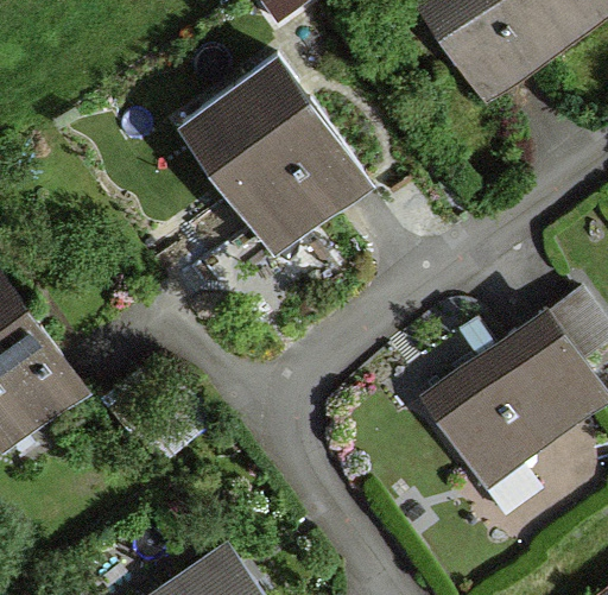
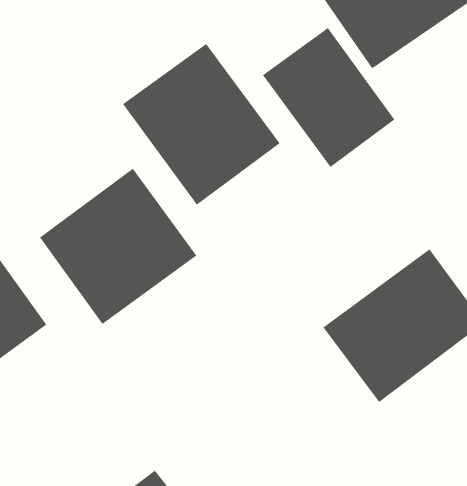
building: none -> [262,27,395,168]
building: none -> [39,168,197,325]

